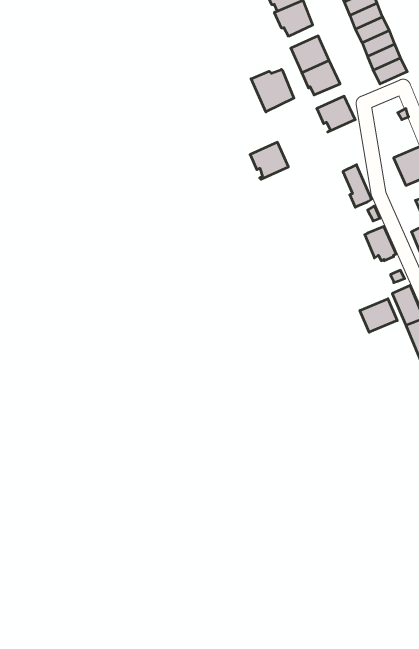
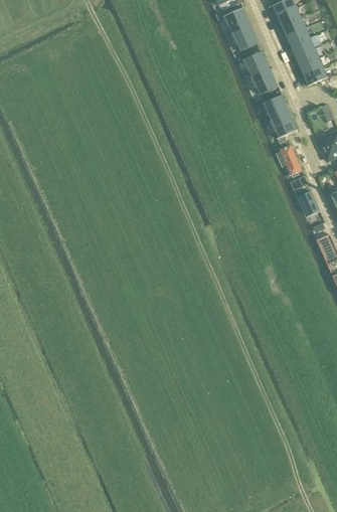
building: [251,69,294,112] -> none
building: [250,142,288,179] -> [269,112,297,139]
building: [360,299,397,332] -> none

